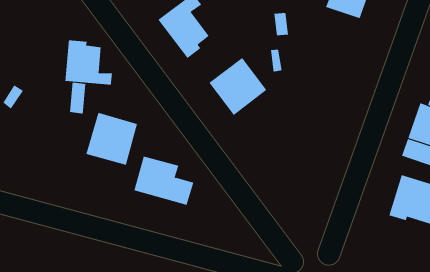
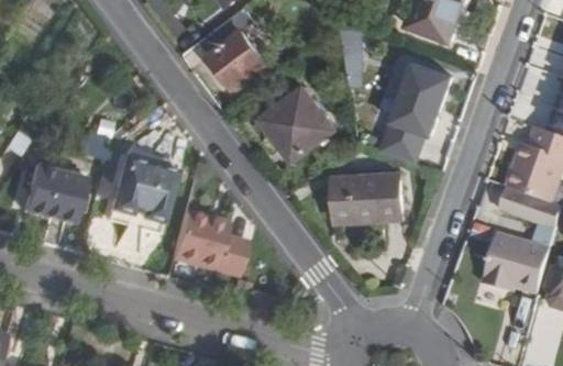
building: none -> [383,64,452,159]
building: [65,40,112,85] -> none
building: none -> [23,164,82,221]
building: none -> [334,173,401,221]

